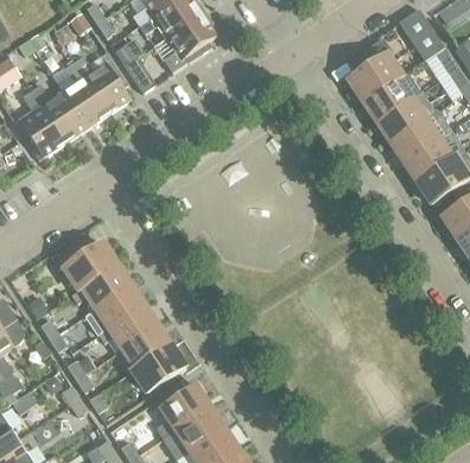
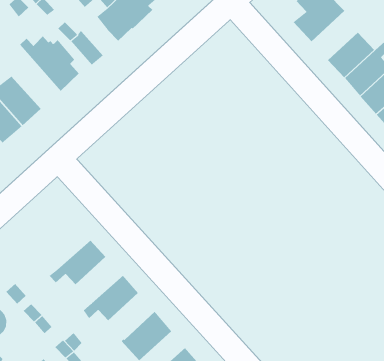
building: [62,62,108,128] -> none
building: [363,72,420,121] -> none
building: [52,239,116,290] -> none
building: [84,284,144,334] -> none
building: [122,324,170,368] -> none

